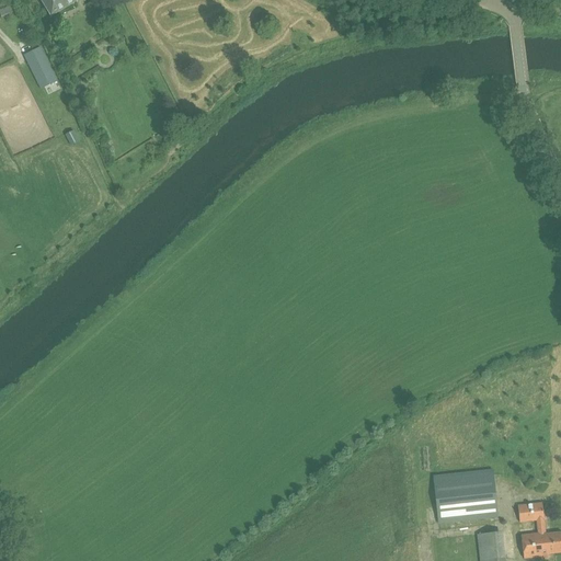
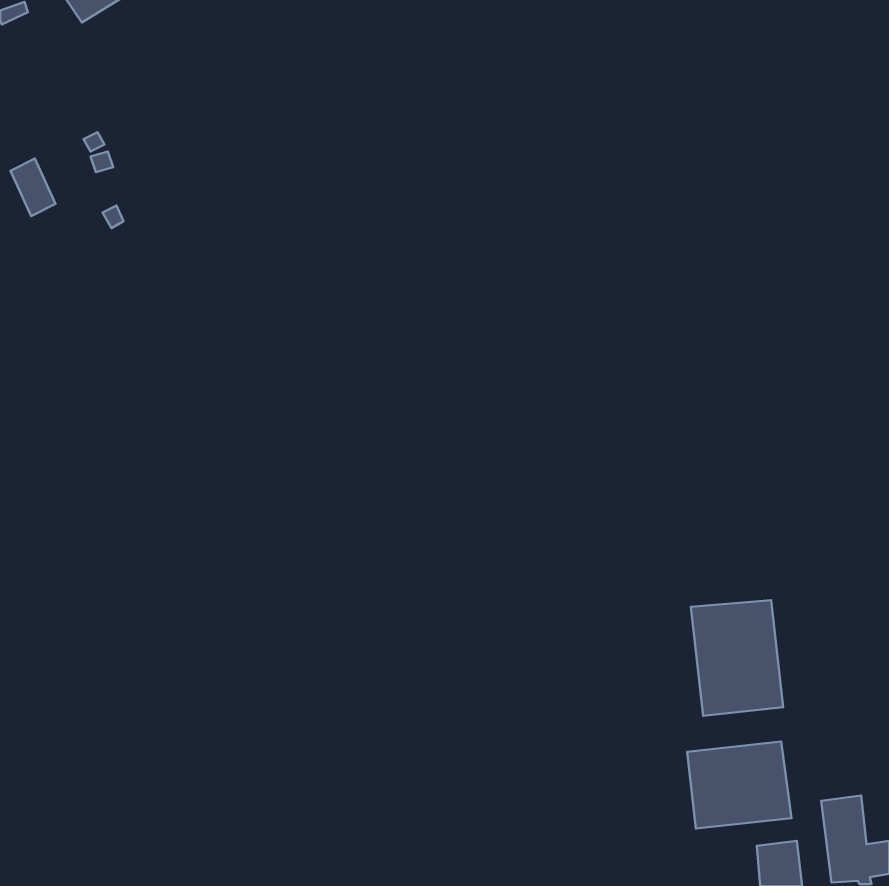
building: [26,48,55,84] -> [10,159,56,216]
building: none -> [691,600,783,716]

